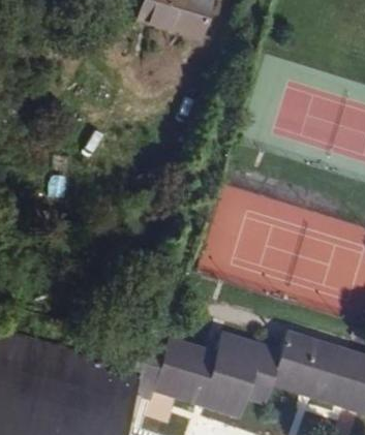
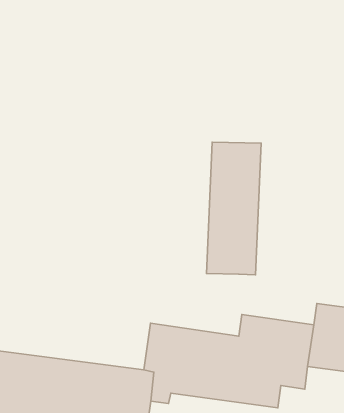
building: none -> [207,142,261,275]

